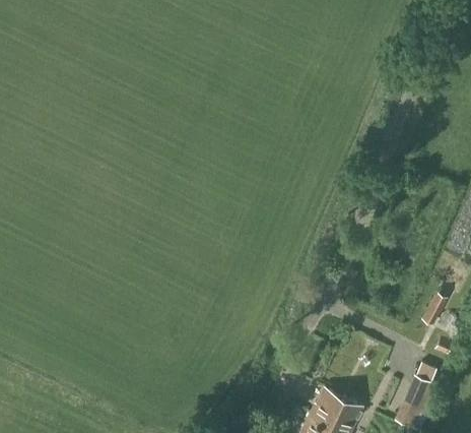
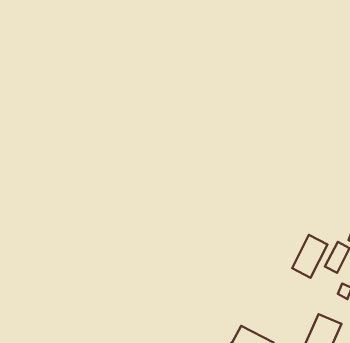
building: none -> [292,235,327,278]

